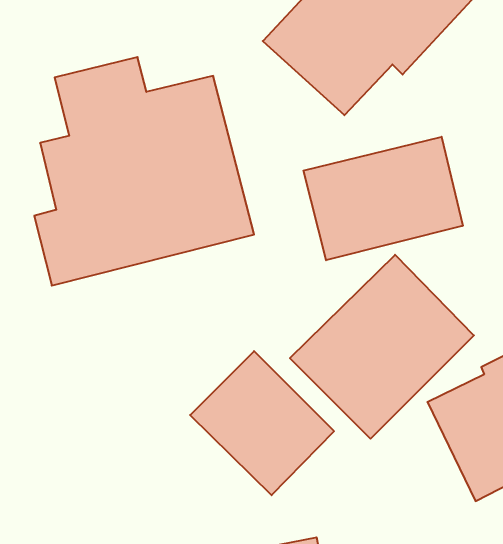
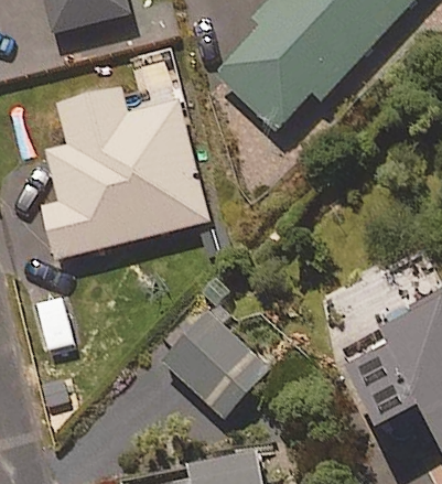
building: [303,137,463,260] -> none
building: [290,255,474,439] -> none

